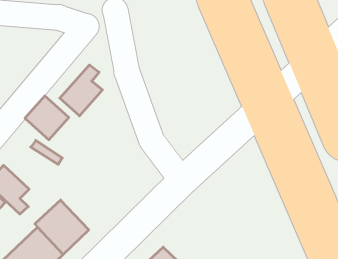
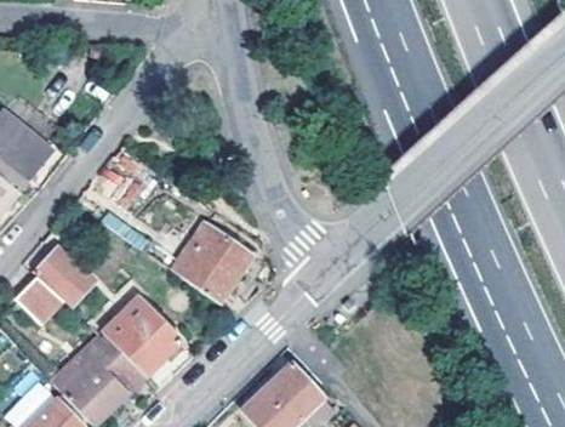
building: [60,65,102,116] -> none
building: none -> [179,227,251,304]

